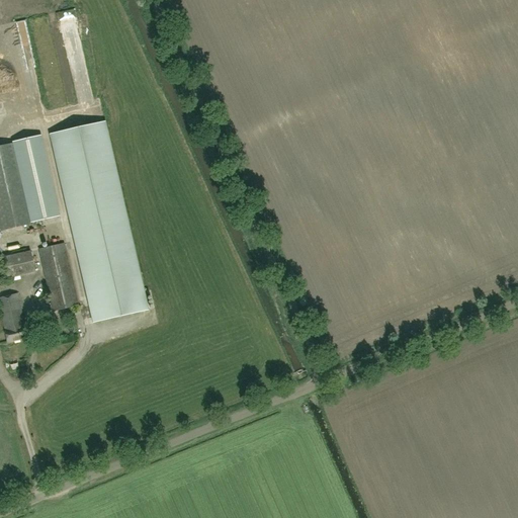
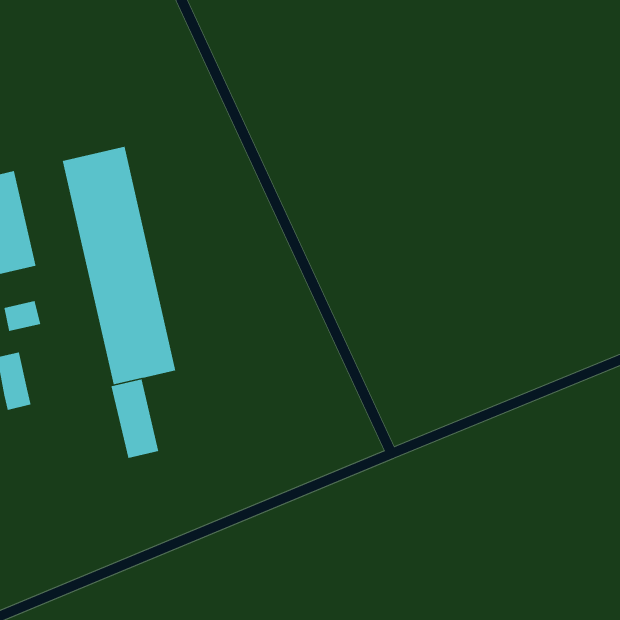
building: [13,135,58,221] -> none
building: [37,243,78,310] -> [111,379,159,459]

